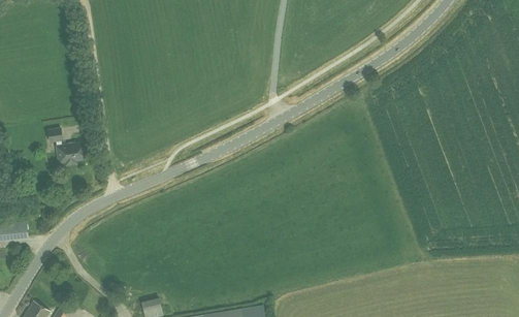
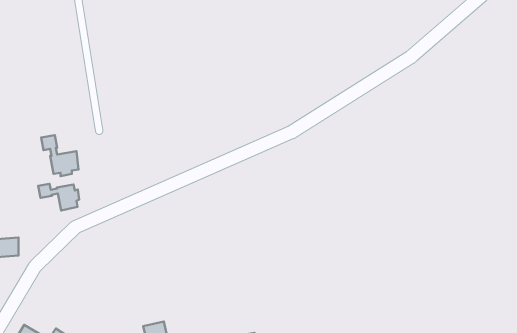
building: none -> [38,184,79,211]

